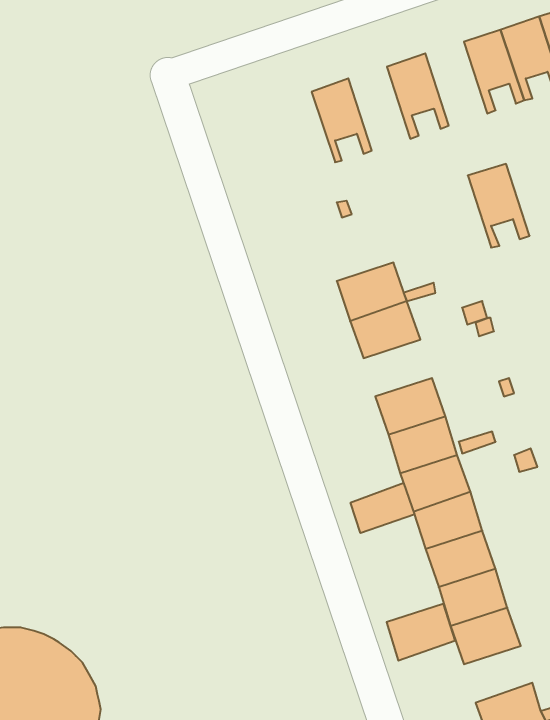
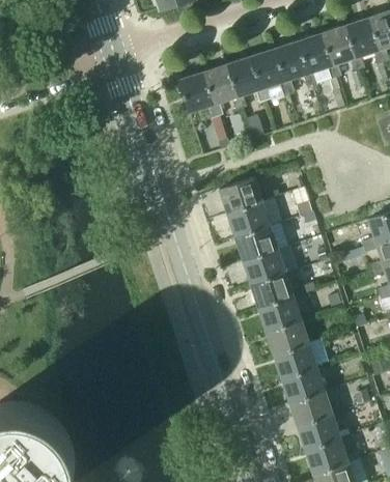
building: none -> [226,56,264,108]
building: none -> [178,72,218,117]
building: [468,164,530,248] -> [274,40,312,92]
building: none -> [235,225,278,260]
building: [351,483,414,533] -> none
building: [387,604,455,661] -> [298,415,340,450]

